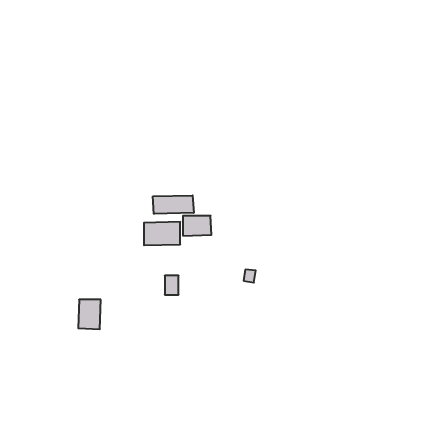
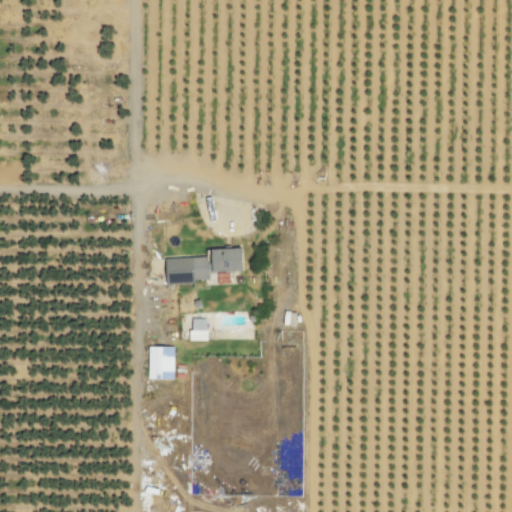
building: [153,195,194,214] -> none
building: [78,300,101,329] -> [148,346,174,380]

